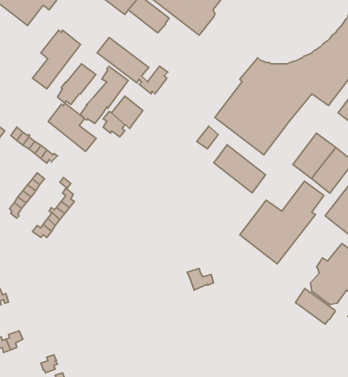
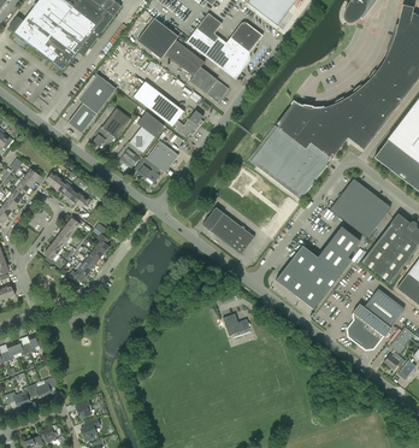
building: none -> [189,67,229,101]
building: [48,103,96,152] -> none
building: [214,145,265,193] -> [202,206,254,254]
building: [295,289,335,324] -> none

